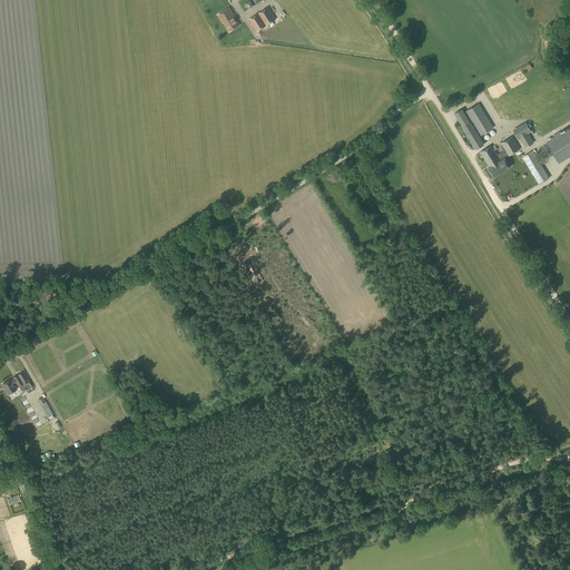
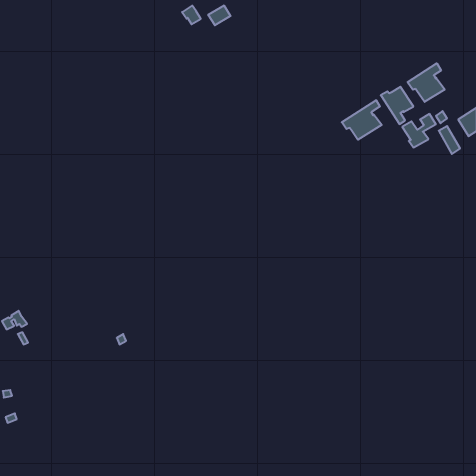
building: none -> [408,63,445,102]
building: none -> [342,100,382,140]

